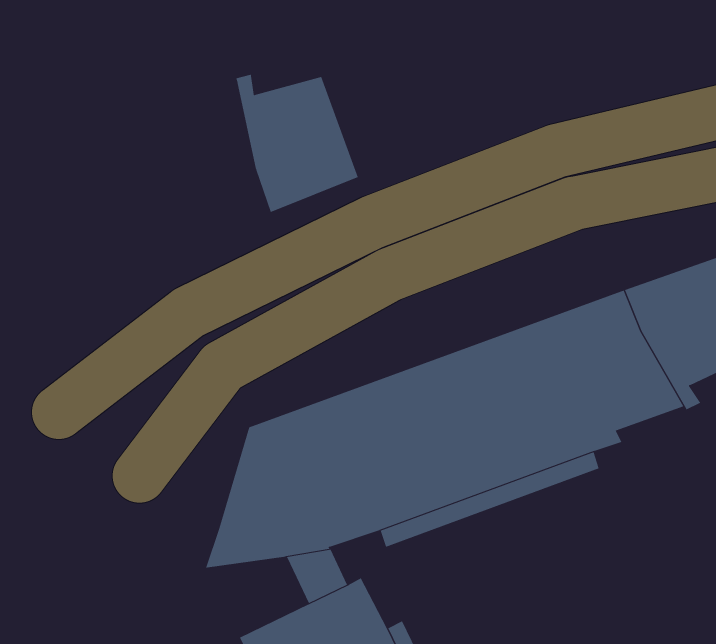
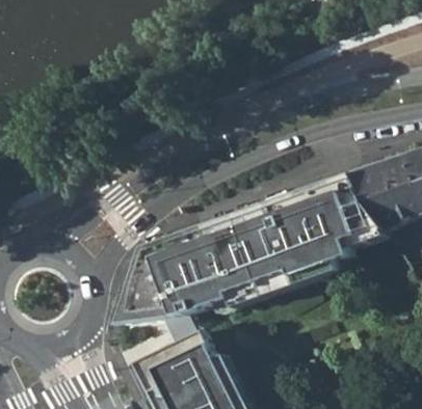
building: [236,74,359,213] -> none

